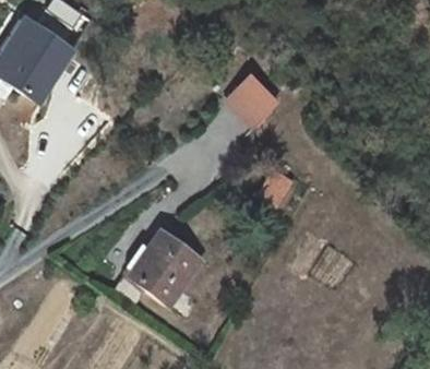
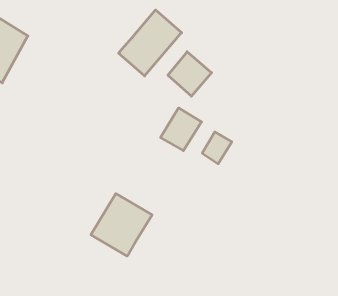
building: none -> [119,10,182,76]
building: none -> [161,108,202,151]

